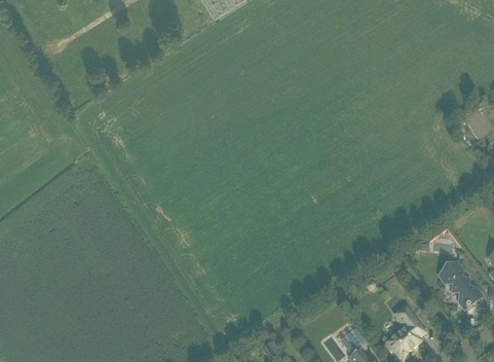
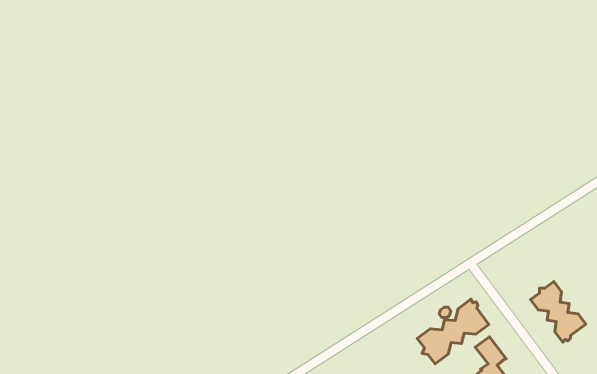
building: none -> [417,299,489,364]

